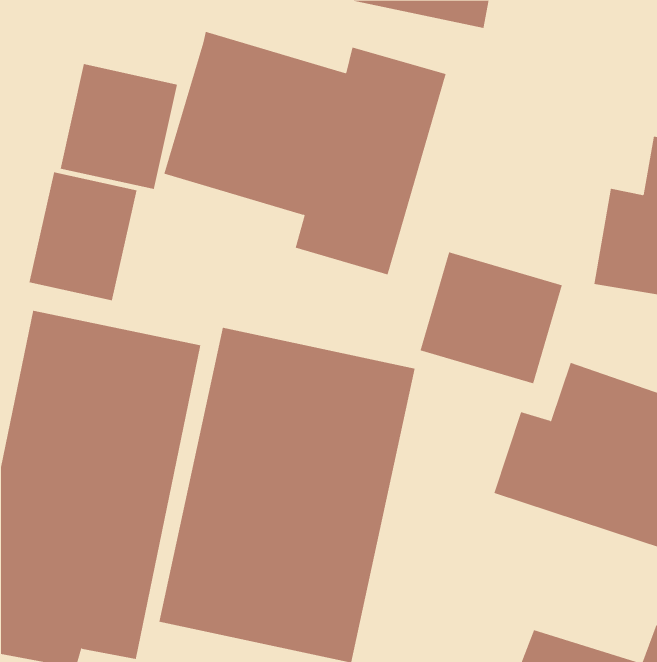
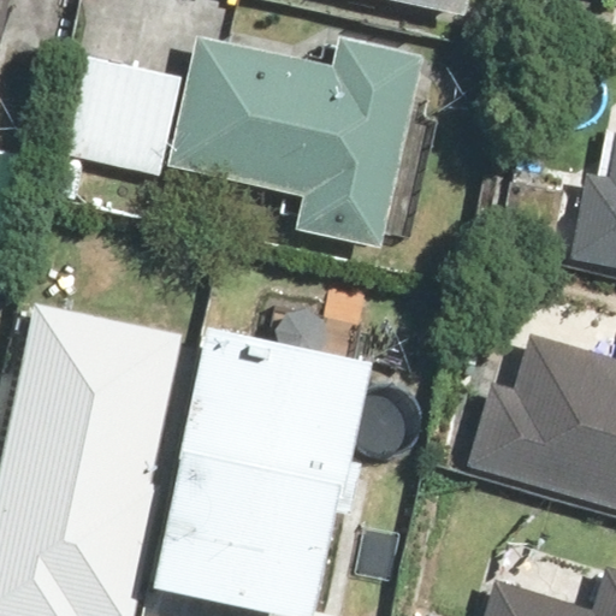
building: [29,171,137,301] -> none
building: [420,251,562,384] -> none

